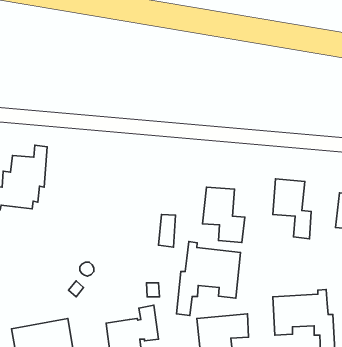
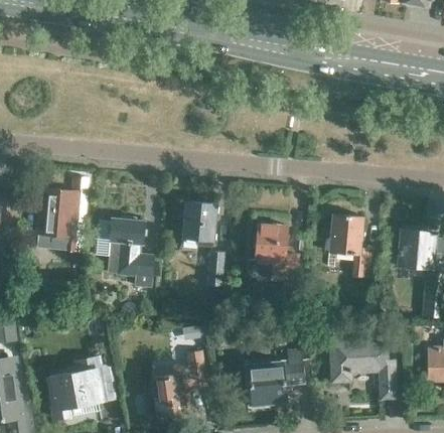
building: none -> [182,201,215,248]
building: none -> [96,216,152,292]
building: [176,242,240,315] -> none

